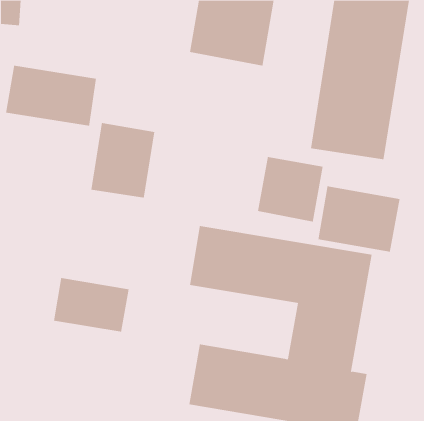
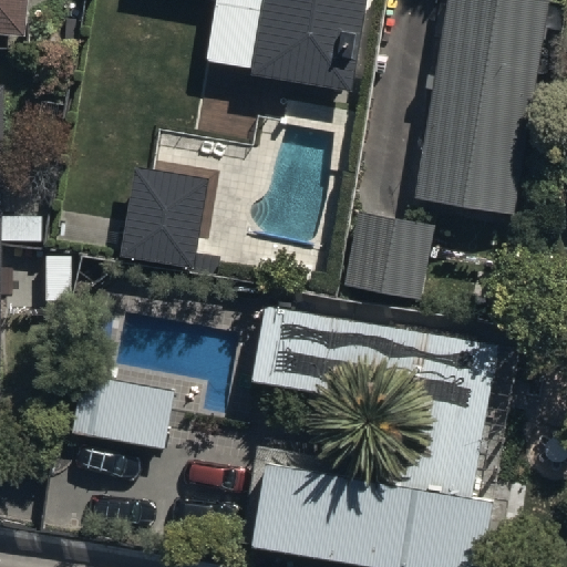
building: [6,65,97,127] -> none
building: [318,186,400,253] -> none

